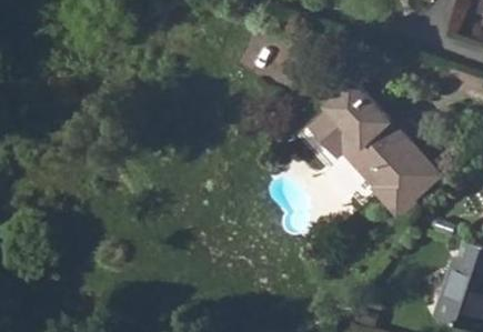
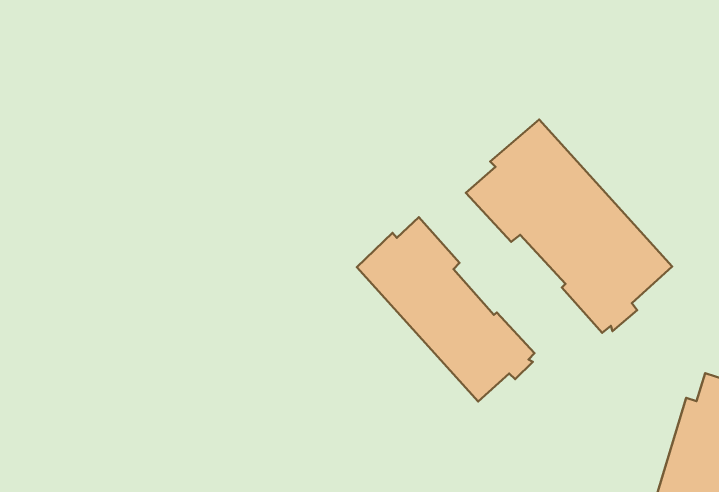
building: none -> [357,217,534,401]

